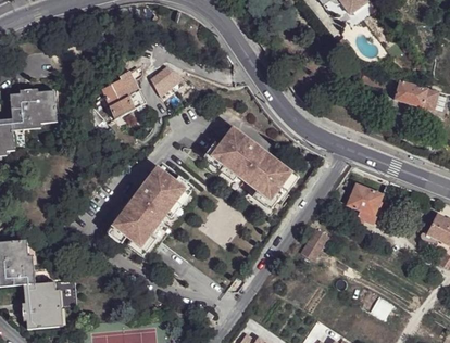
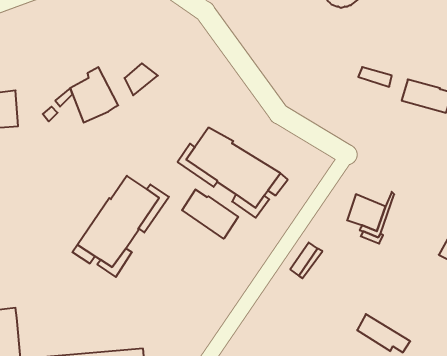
building: none -> [182,189,238,239]

